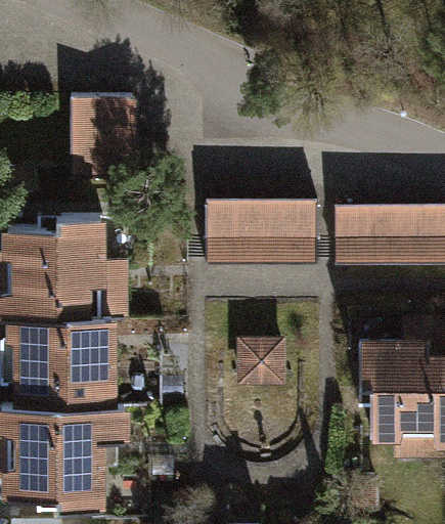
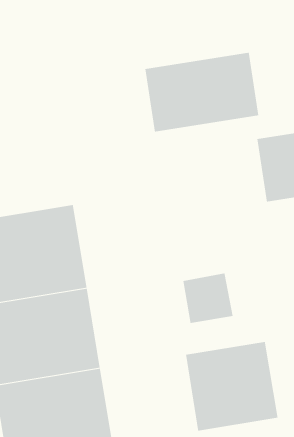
building: [75,101,130,185] -> none
building: [197,195,314,266] -> [144,52,259,132]
building: none -> [185,341,278,431]

